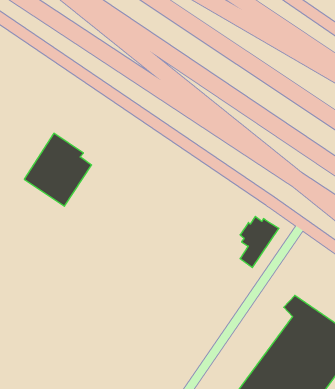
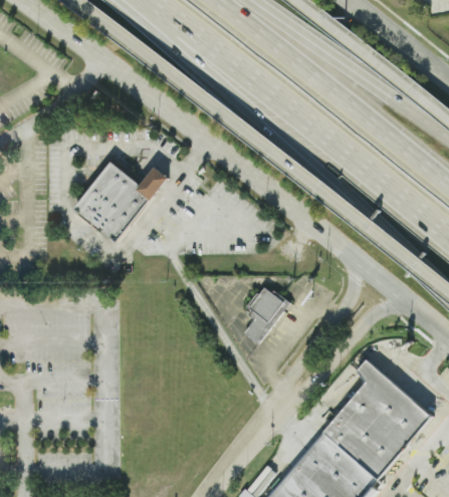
building: none -> [138,168,170,201]
building: [240,216,279,268] -> [241,287,286,343]

